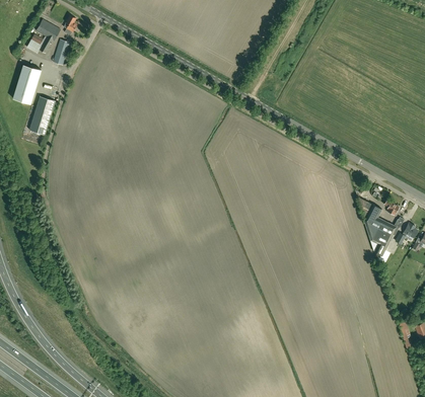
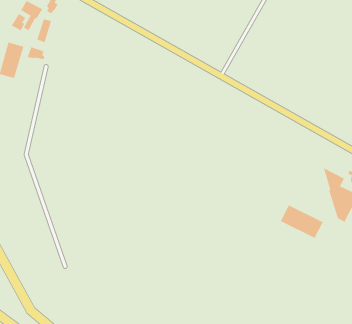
building: [29,96,56,135] -> none
building: none -> [280,205,323,239]

